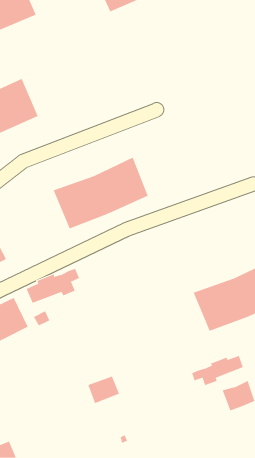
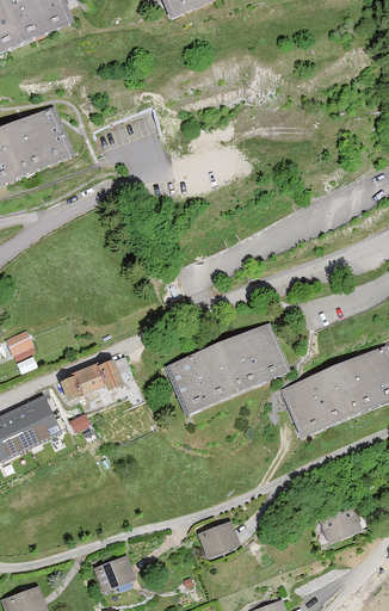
building: [53,157,149,229] -> [163,321,290,416]
building: [192,355,243,386] -> none
building: [87,376,120,404] -> [197,519,240,556]
building: none -> [92,554,136,594]

